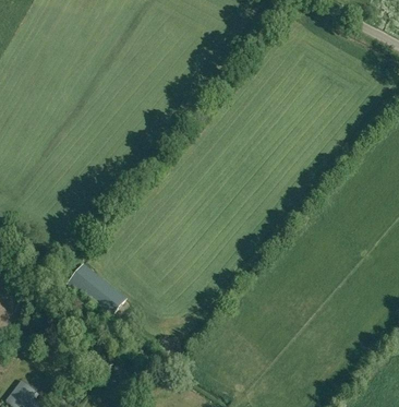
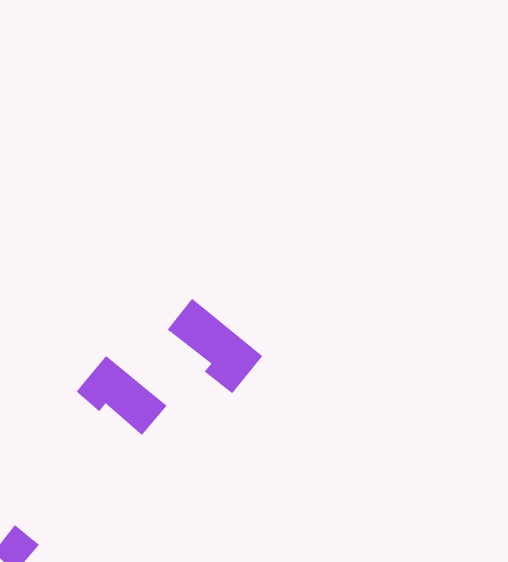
building: none -> [167,298,263,394]

